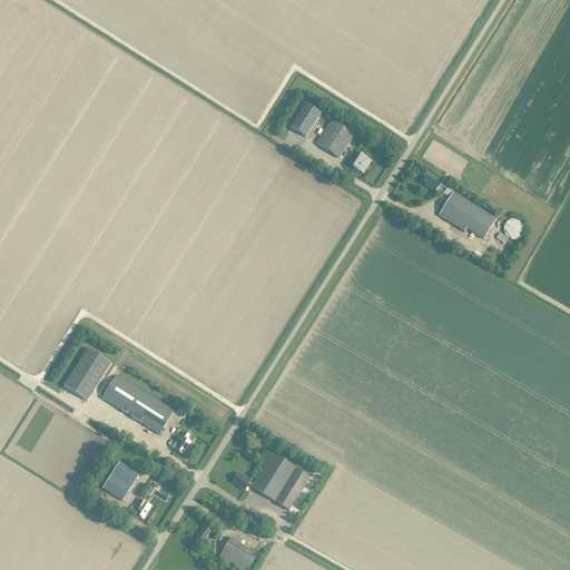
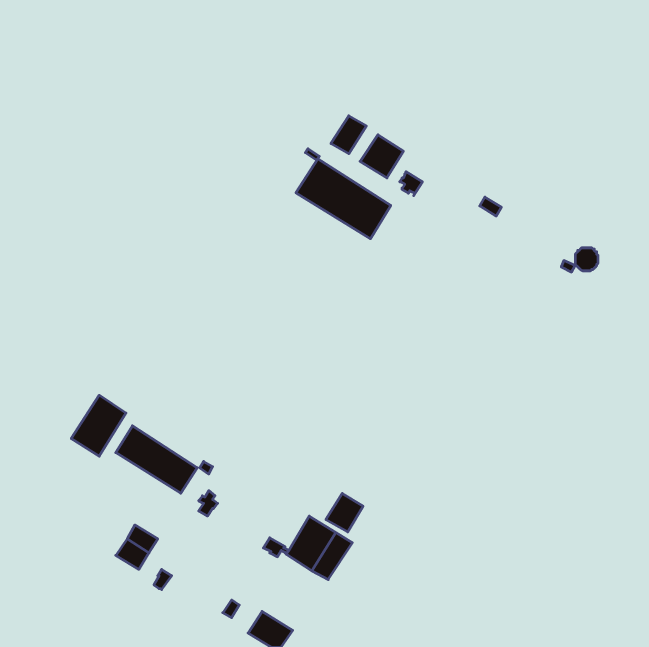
building: none -> [296,159,391,239]
building: [438,190,495,237] -> none
building: none -> [326,493,363,532]

